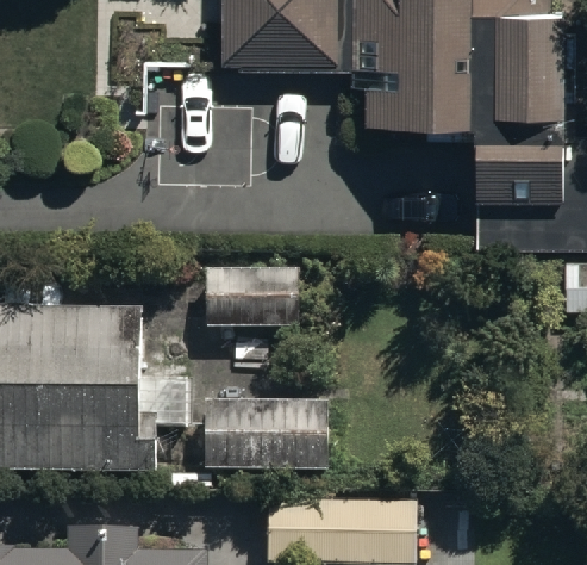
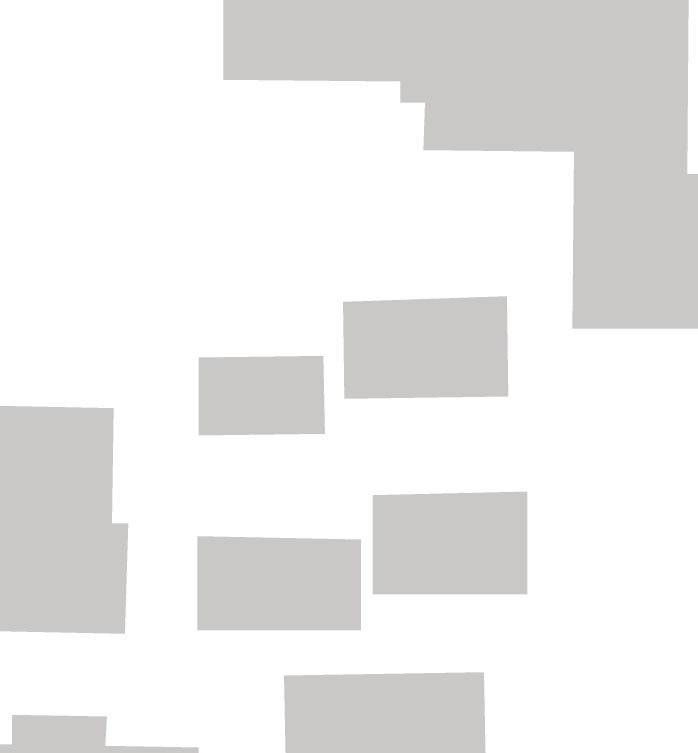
building: none -> [343,296,509,399]
building: none -> [372,491,528,595]

